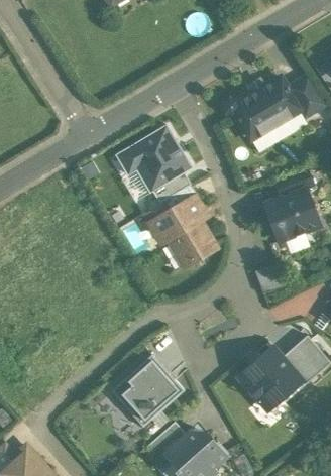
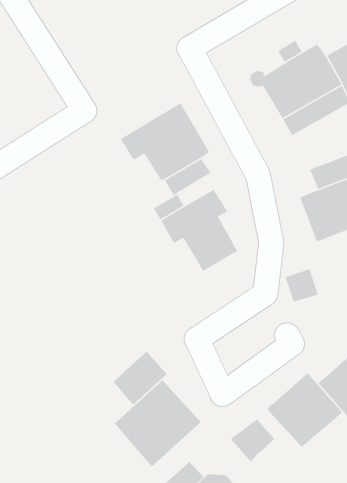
building: none -> [112,351,168,406]
building: none -> [230,419,275,463]

